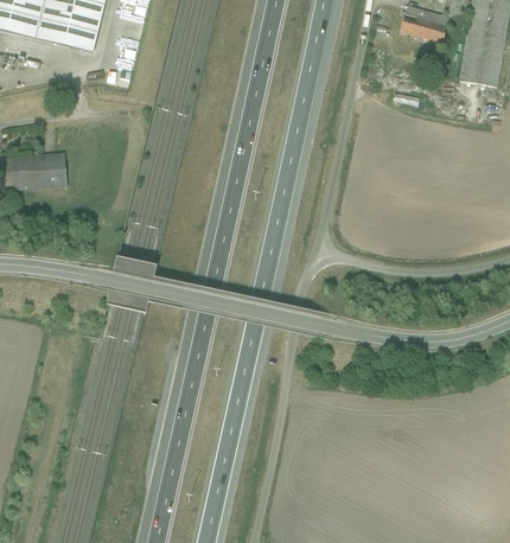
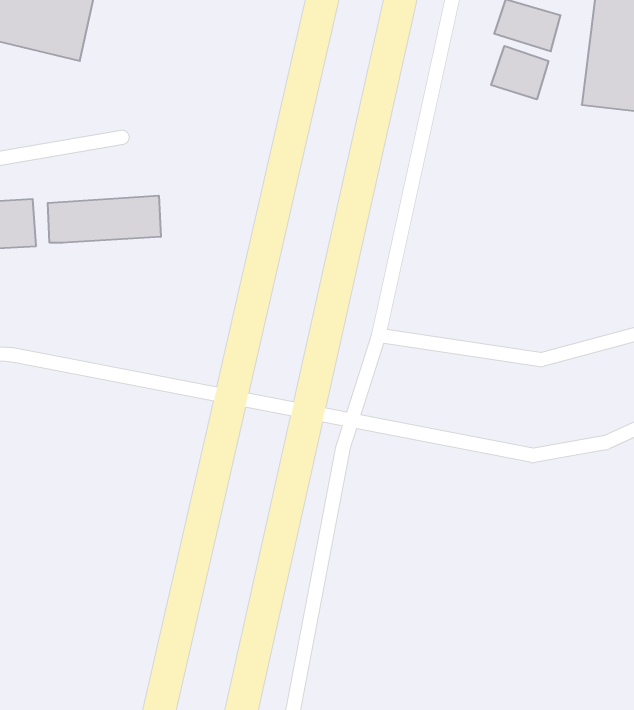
building: none -> [491,46,548,99]
building: none -> [48,196,161,243]

